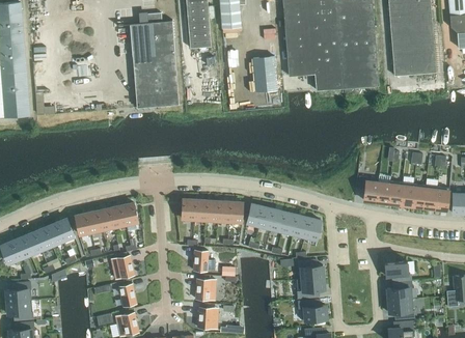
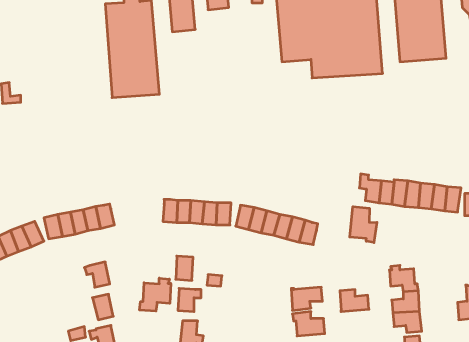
building: [253,57,277,92] -> none
building: none -> [350,207,377,243]
building: [298,260,324,280] -> [340,290,369,312]
building: none -> [140,278,171,311]

